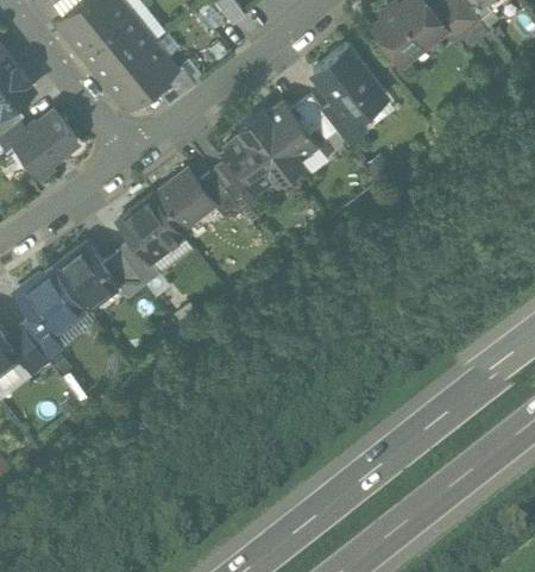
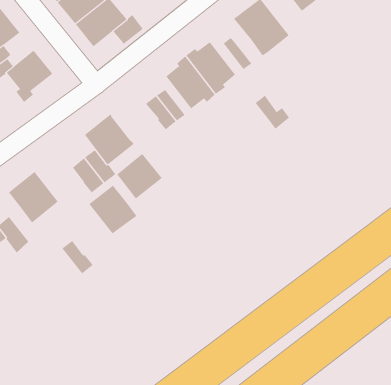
building: [321,99,366,144] -> [255,95,290,129]
building: [153,170,214,230] -> [116,153,163,199]
building: [54,245,117,309] -> [88,185,137,234]
building: [20,318,62,362] -> [62,240,94,274]

